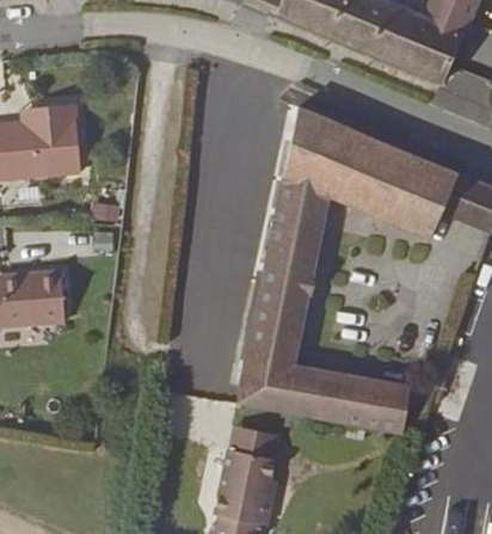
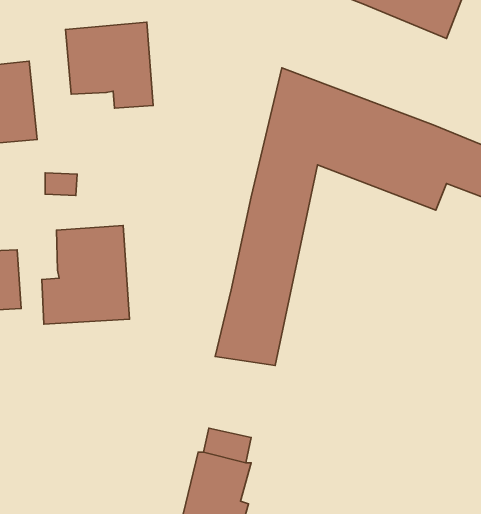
building: none -> [66,22,153,108]
building: none -> [42,226,130,324]
building: [233,367,407,437] -> none

